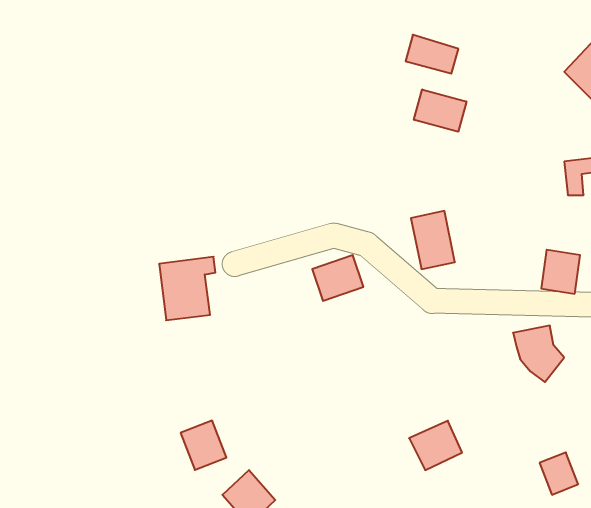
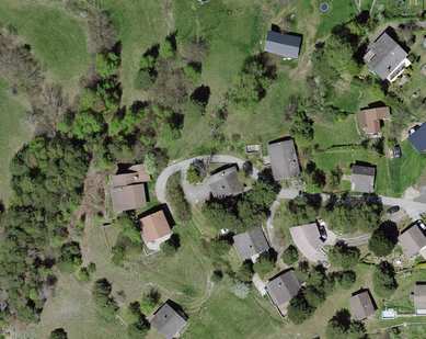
building: [414,89,466,132] -> none
building: [513,326,564,382] -> [292,223,324,258]
building: none -> [237,227,267,257]
building: [181,421,226,470] -> [140,211,169,241]

